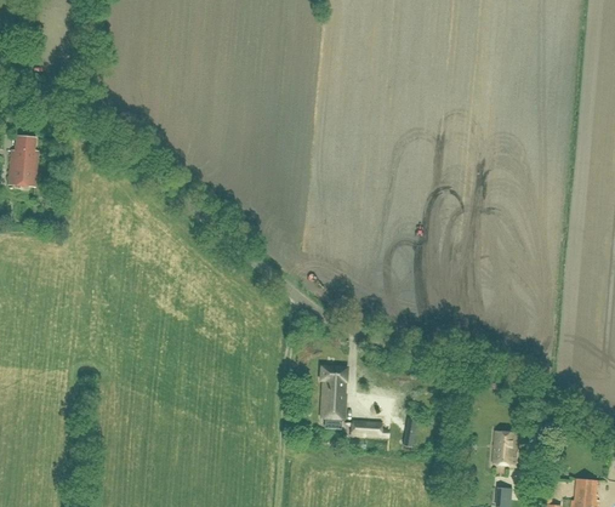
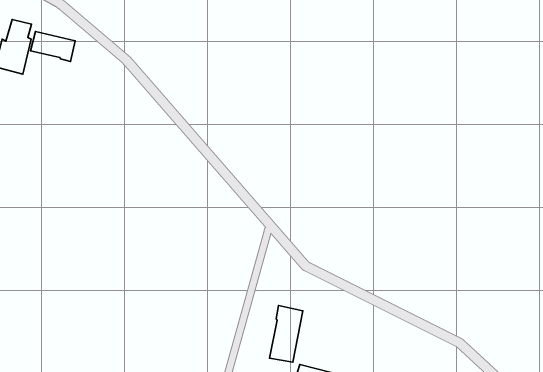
building: none -> [30,32,75,62]

